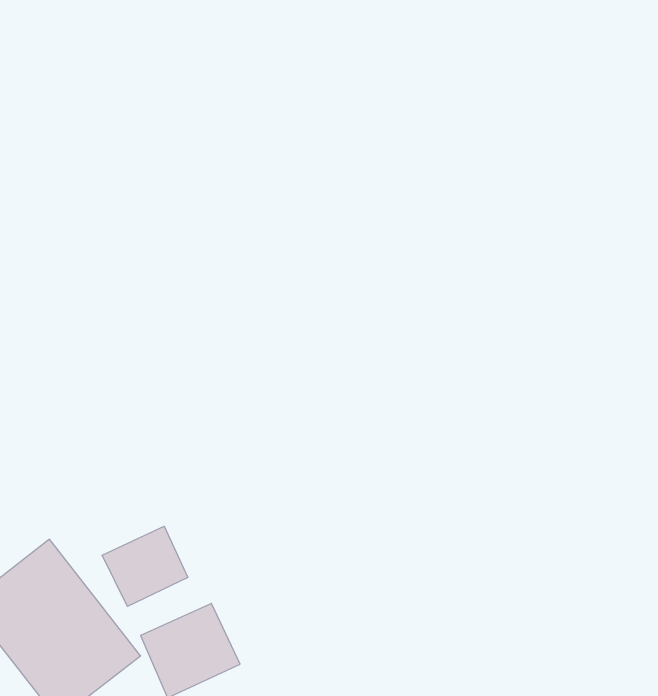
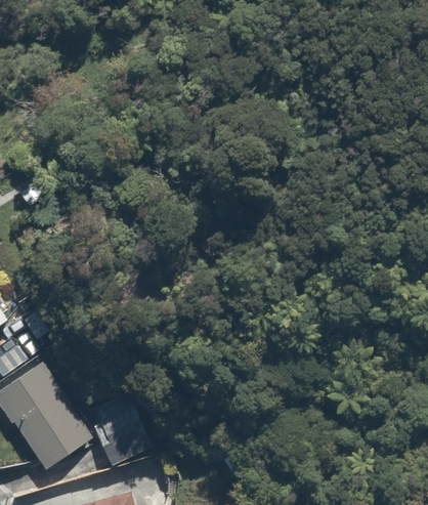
building: [102,526,188,606] -> none

